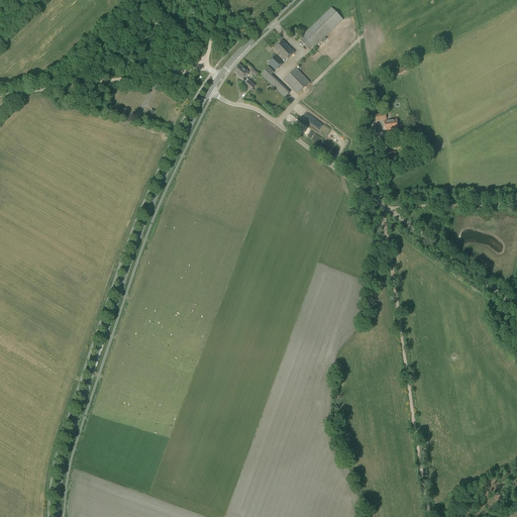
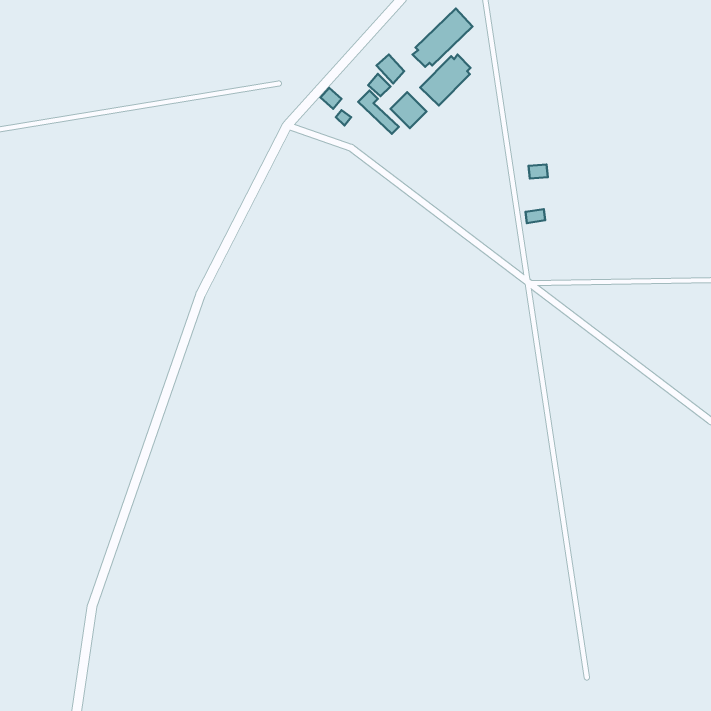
building: none -> [420,55,470,105]

